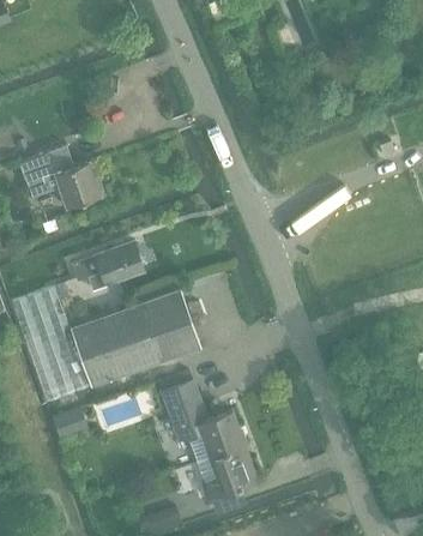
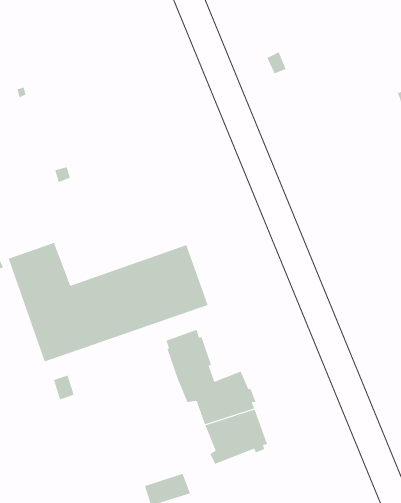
building: [19,145,102,207] -> none
building: [71,241,144,290] -> none

